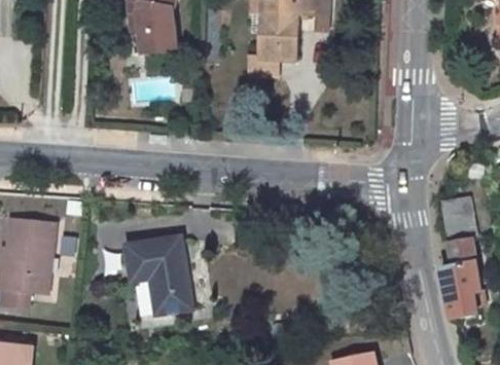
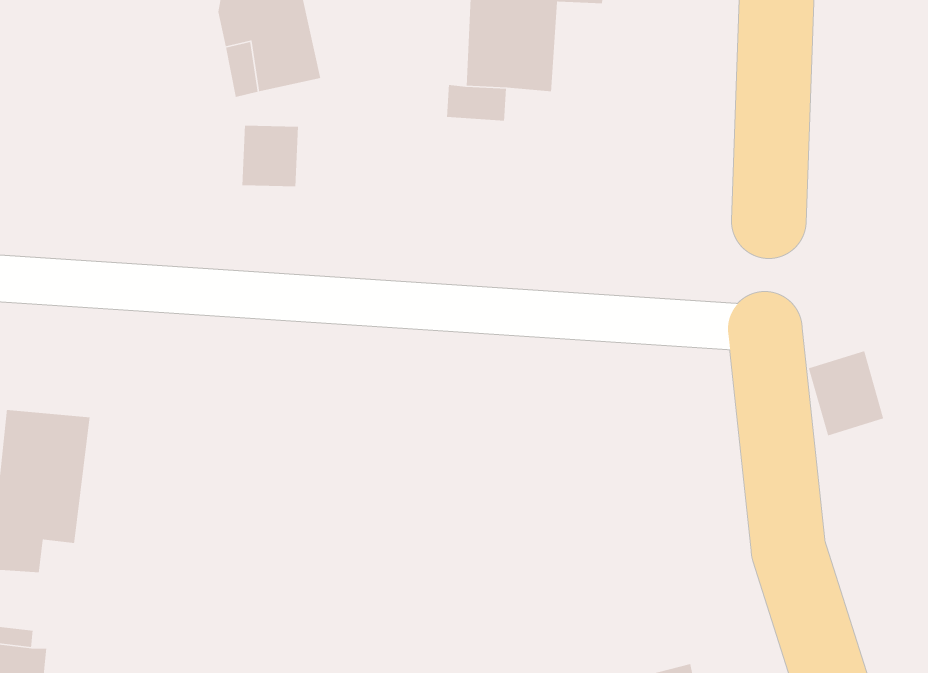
building: none -> [241,125,299,187]
building: [130,236,187,308] -> none
building: [441,240,478,320] -> none

